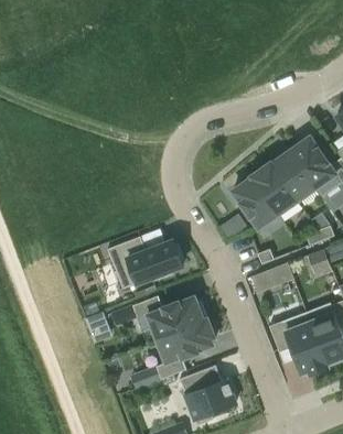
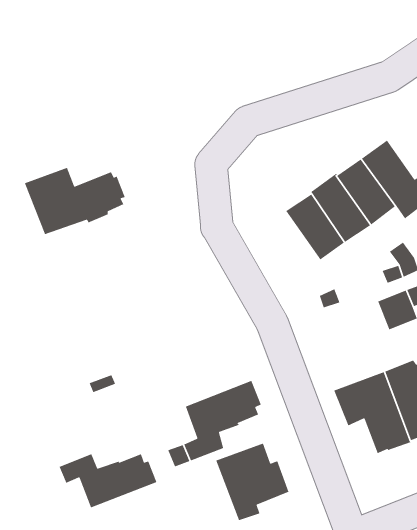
building: [106,237,183,289] -> [24,167,126,235]
building: [249,264,291,295] -> none
building: [131,296,206,338] -> [58,453,157,509]

